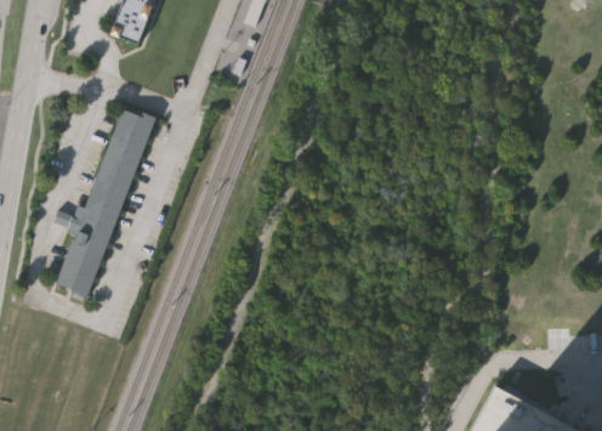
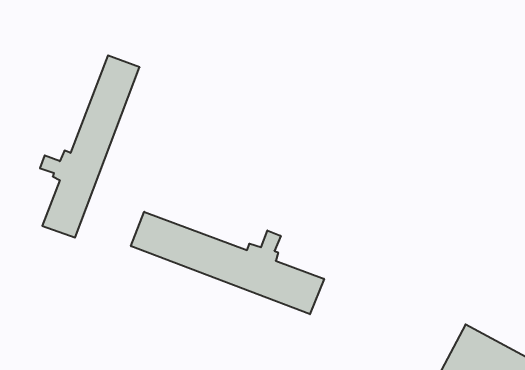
building: none -> [131,212,324,314]

